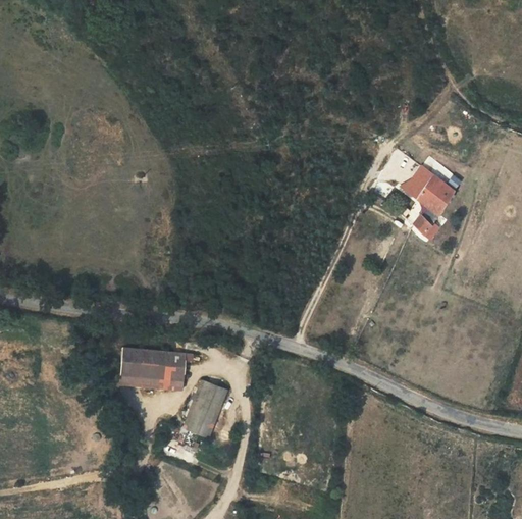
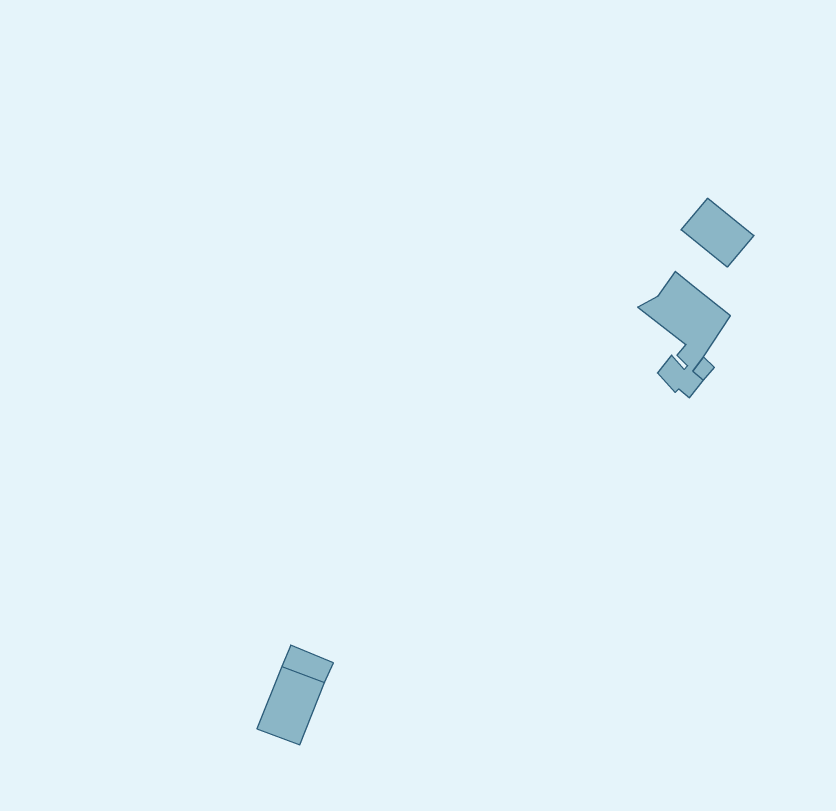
building: none -> [681,198,754,267]
building: [118,343,187,382] -> none

